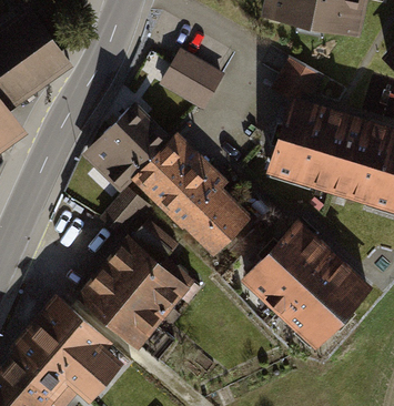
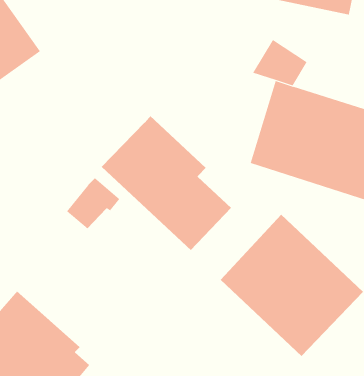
building: [159,52,223,112] -> none
building: [81,100,171,190] -> none
building: [79,220,208,349] -> none

